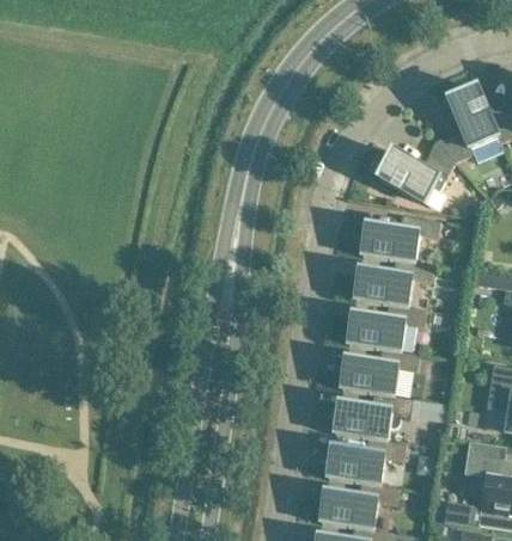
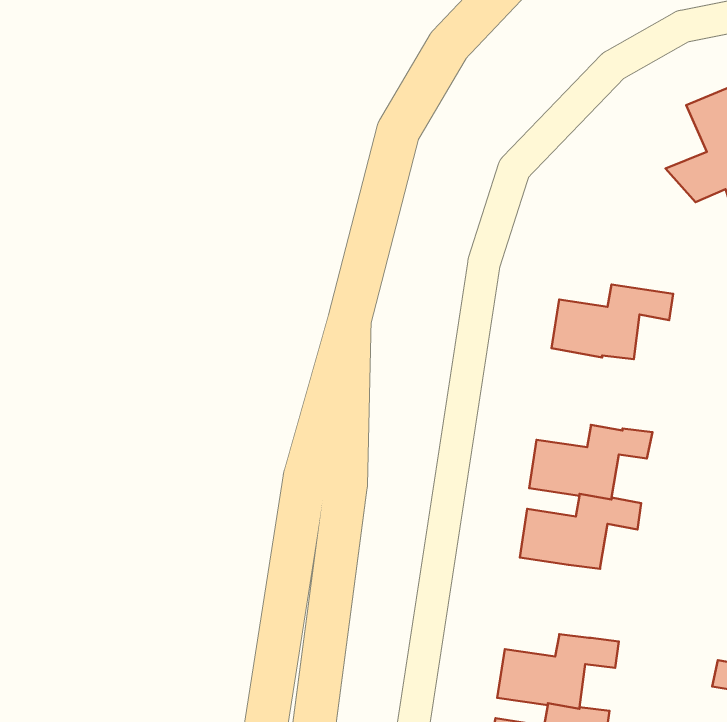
building: [376,137,452,199] -> none
building: [353,257,431,305] -> none
building: [333,391,410,437] -> none

